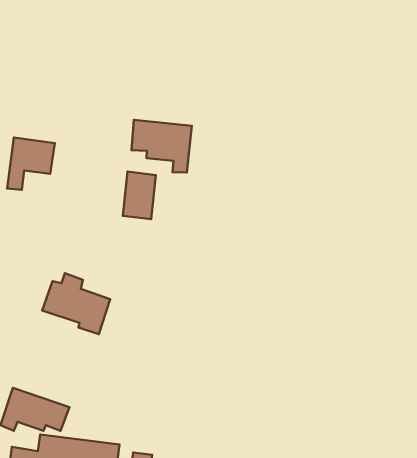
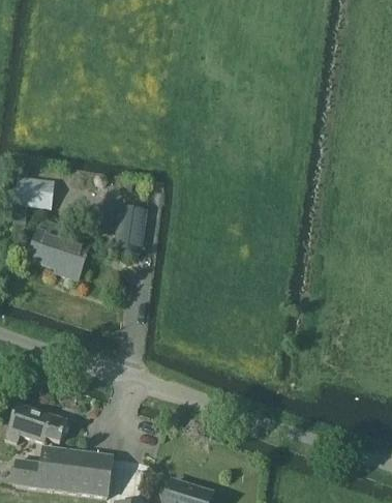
building: [132,120,192,173] -> none
building: [42,273,110,334] -> [27,224,89,279]

